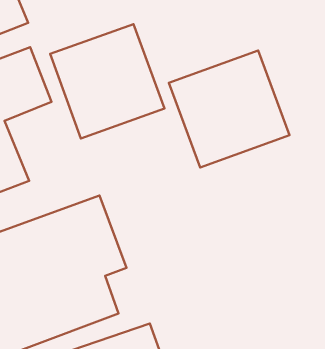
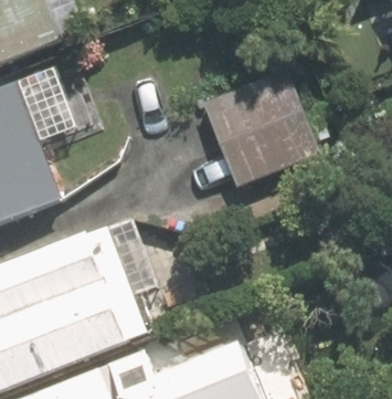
building: [50,24,164,138] -> none

